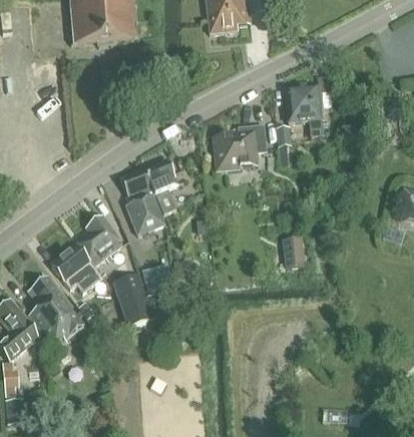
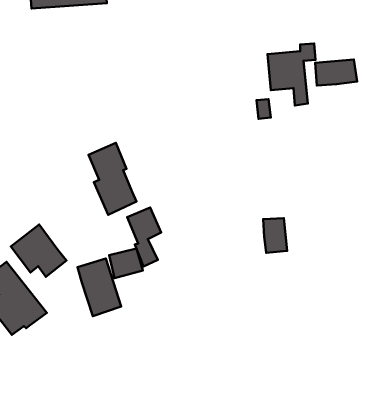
building: none -> [315,59,357,85]
building: [215,122,267,170] -> none
building: [147,157,178,211] -> [127,207,161,266]
building: [77,215,120,265] -> none

